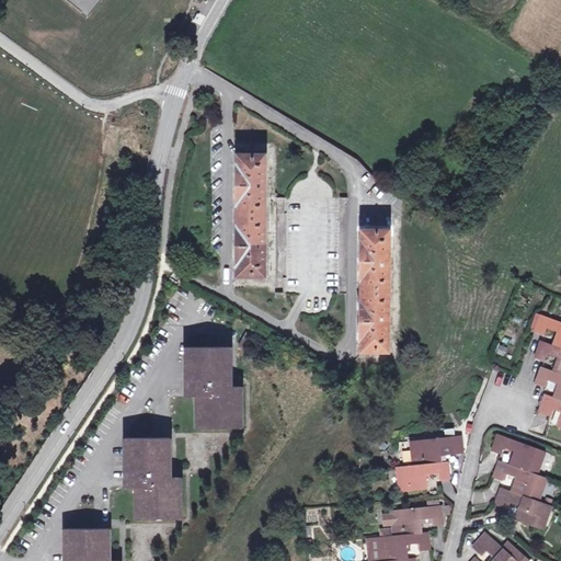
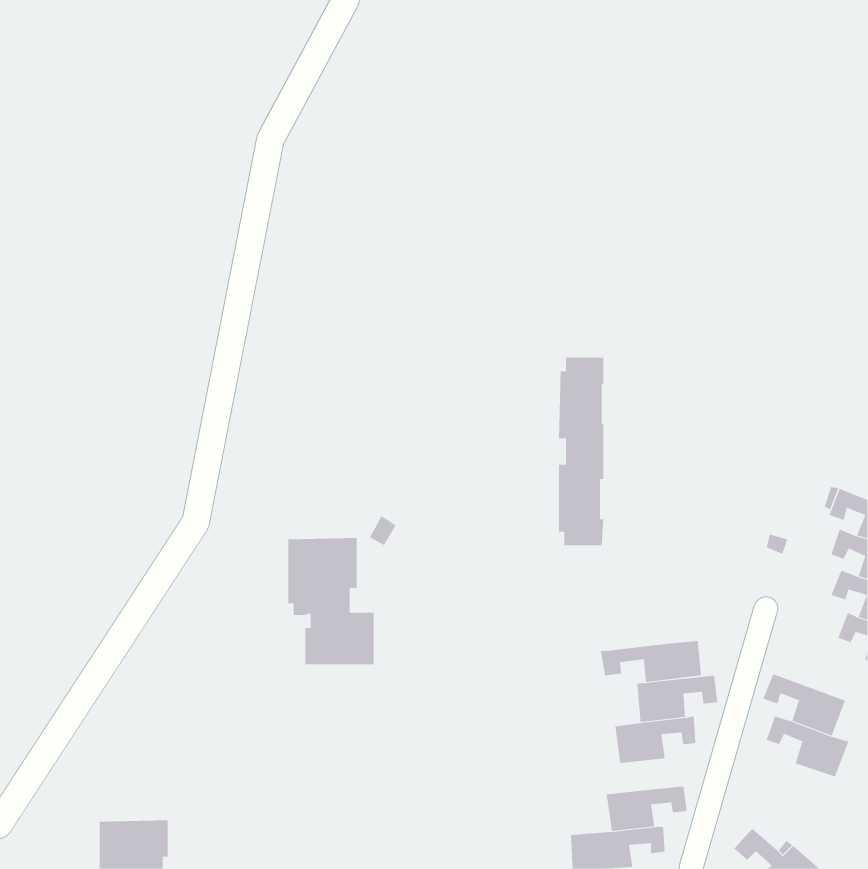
building: [236,154,265,277] -> none
building: none -> [600,640,701,683]
building: [124,437,180,519] -> none
building: [495,488,550,529] -> none

